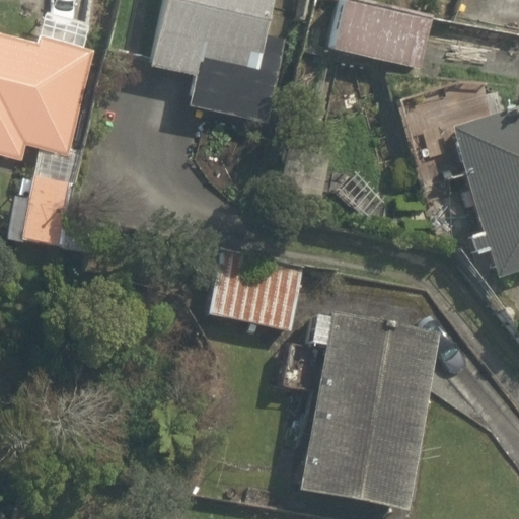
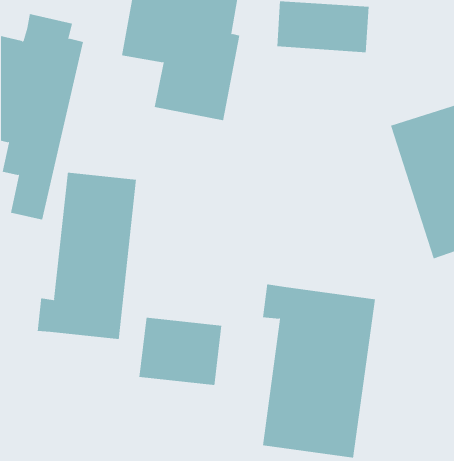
building: none -> [37,172,137,340]
building: [208,245,301,321] -> [139,317,222,385]

